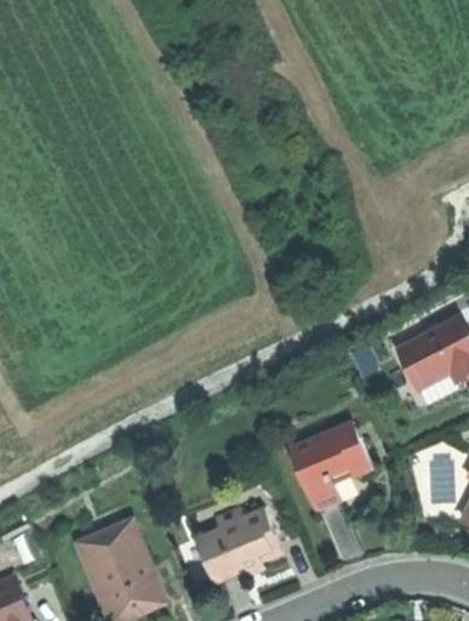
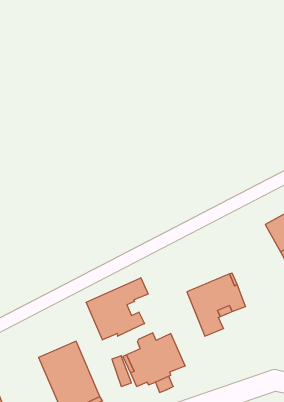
building: none -> [86,278,148,340]

